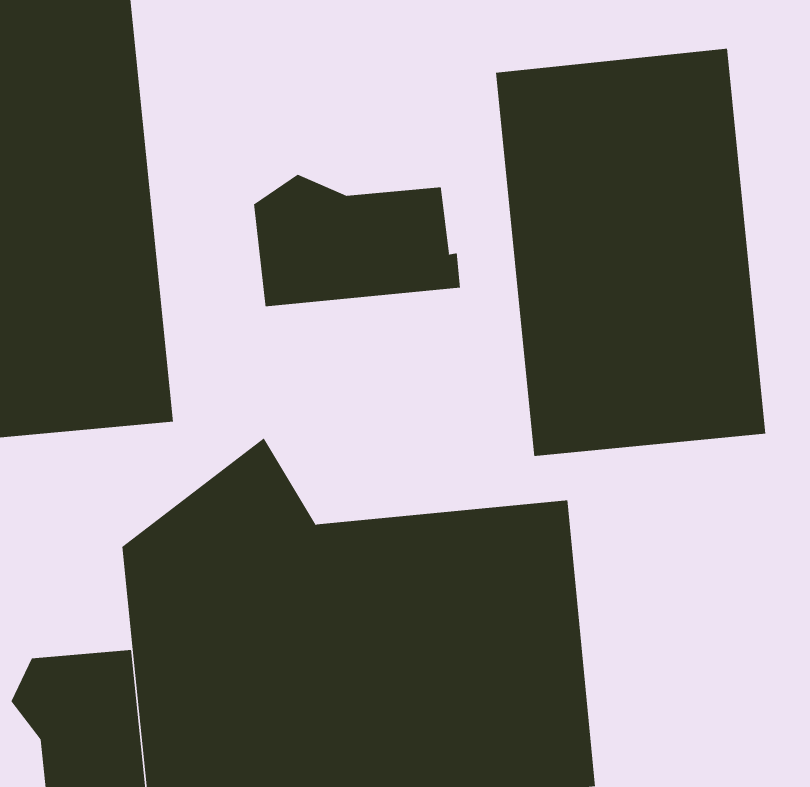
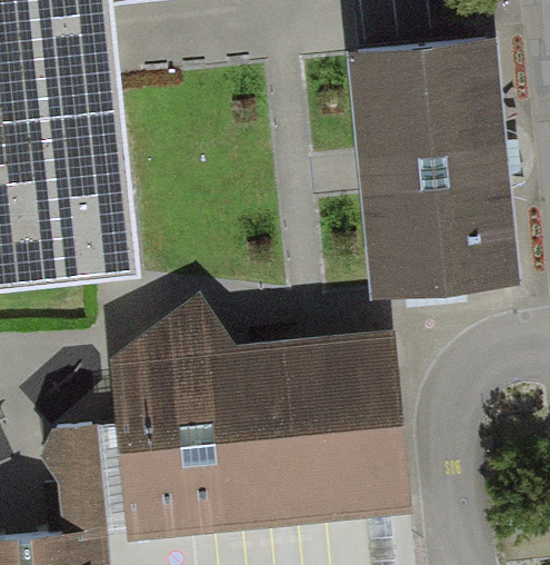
building: [254,174,461,307] -> none

